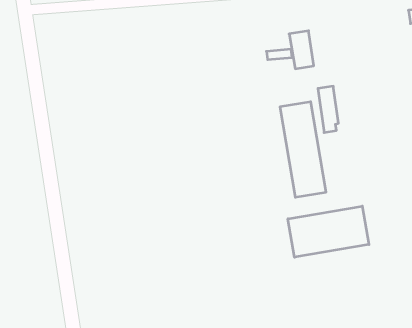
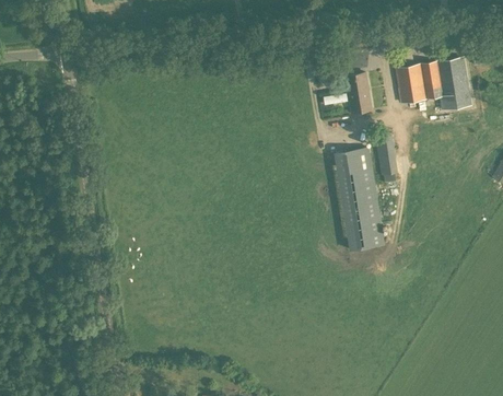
building: none -> [395,58,470,110]
building: [288,206,369,257] -> none

